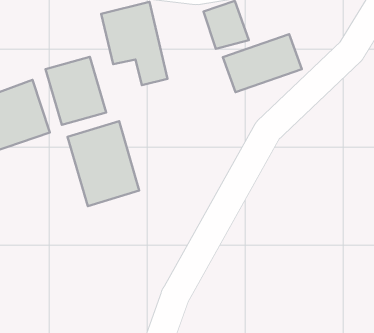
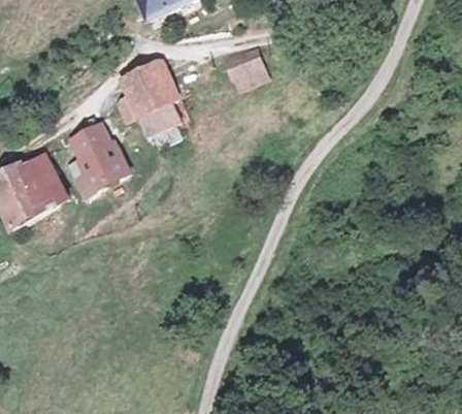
building: [223,34,302,92] -> none
building: [68,121,139,206] -> none

